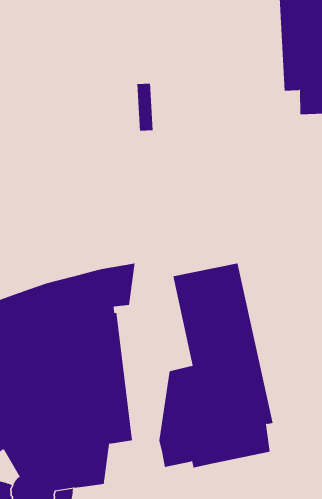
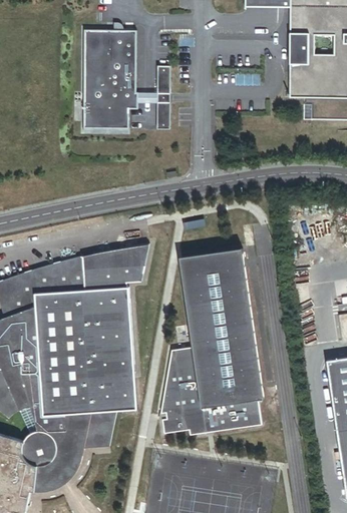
building: none -> [83,32,137,128]

